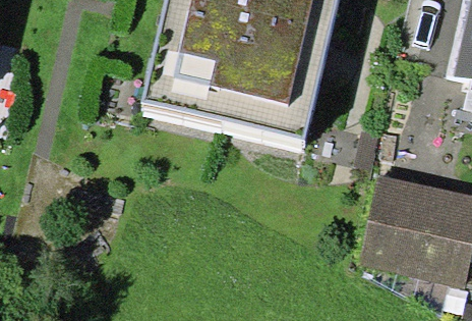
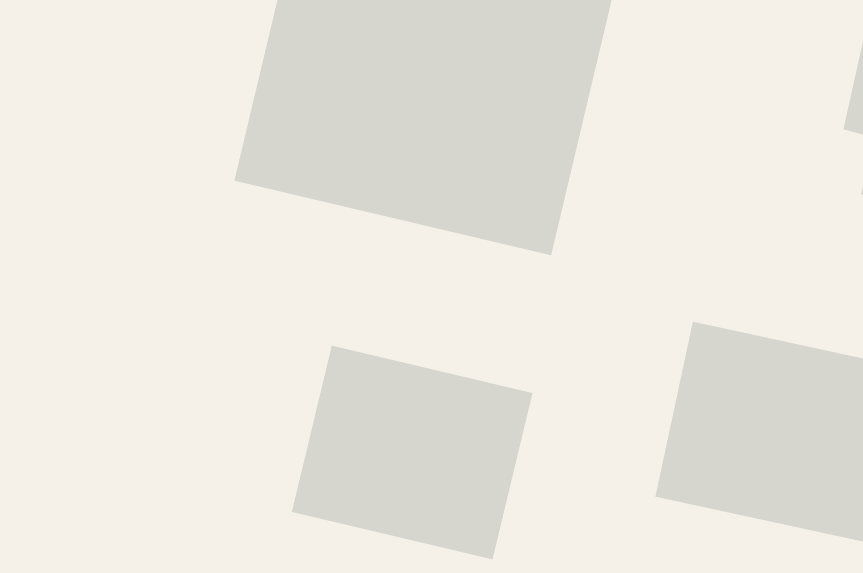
building: none -> [291,345,533,560]

